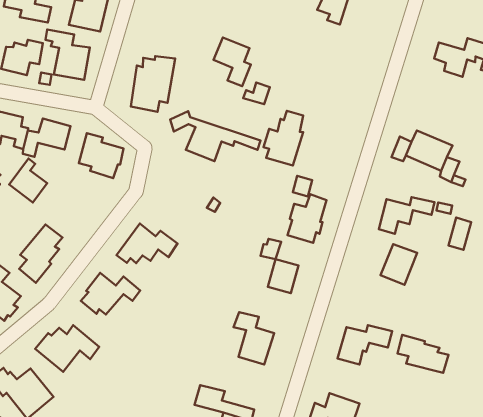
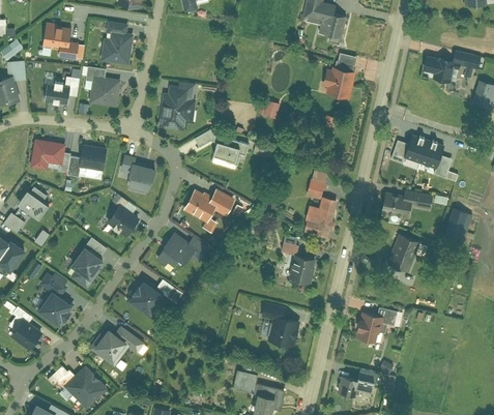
building: [213,37,251,86] -> none
building: [263,111,303,165] -> [322,54,356,101]
building: [9,159,47,202] -> [106,198,139,236]
building: none -> [182,188,235,224]
building: [397,335,449,373] -> none

